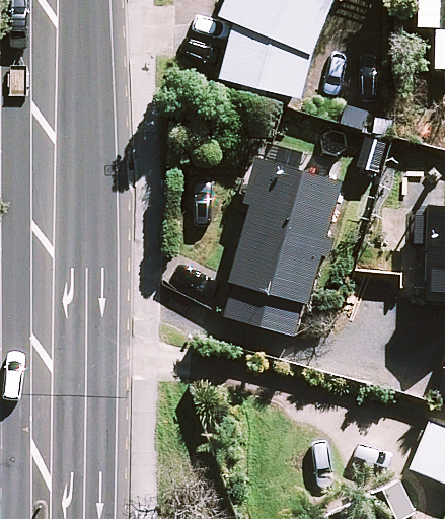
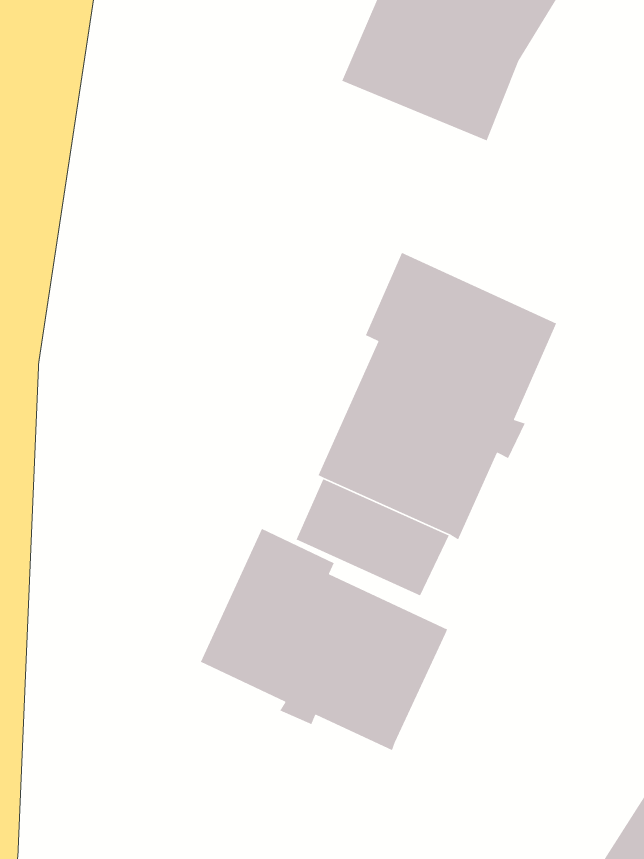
building: none -> [200,528,448,751]

